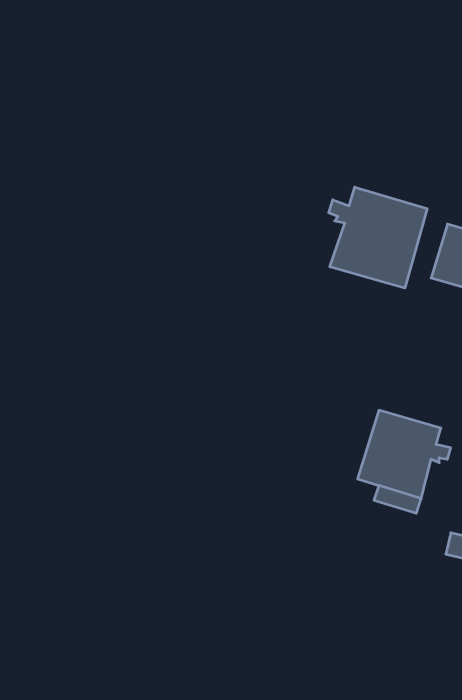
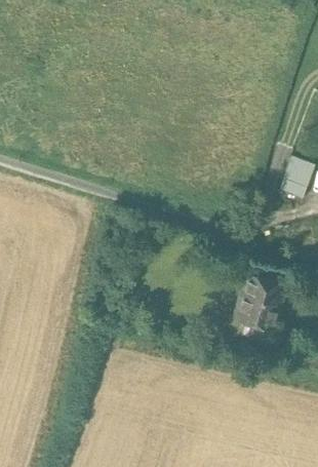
building: [329,187,427,288] -> none

